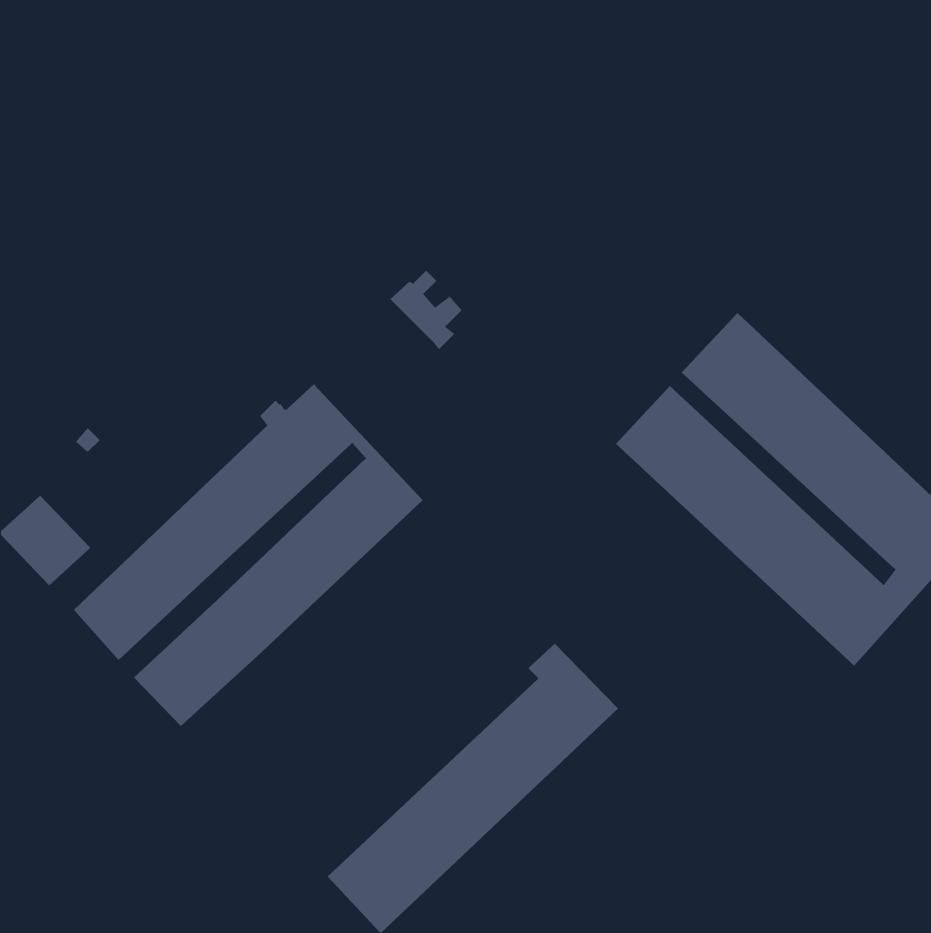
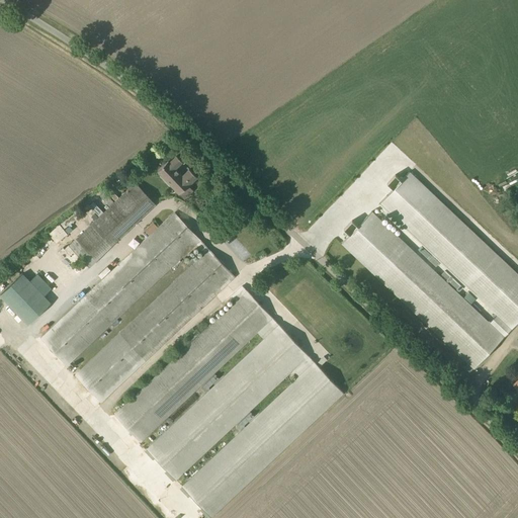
building: [390,270,463,350] -> [157,156,197,200]
building: none -> [69,182,156,268]
building: none -> [115,285,309,480]

